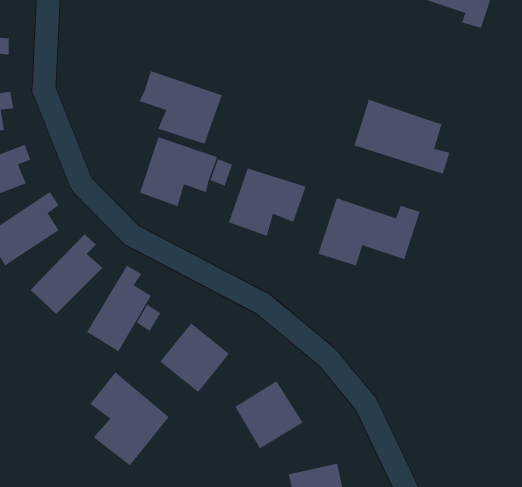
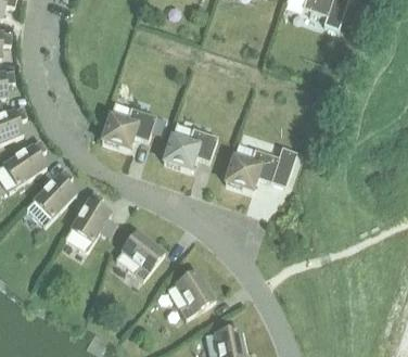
building: [139,71,222,145] -> none
building: [354,99,450,174] -> none
building: [90,372,169,466] -> none

